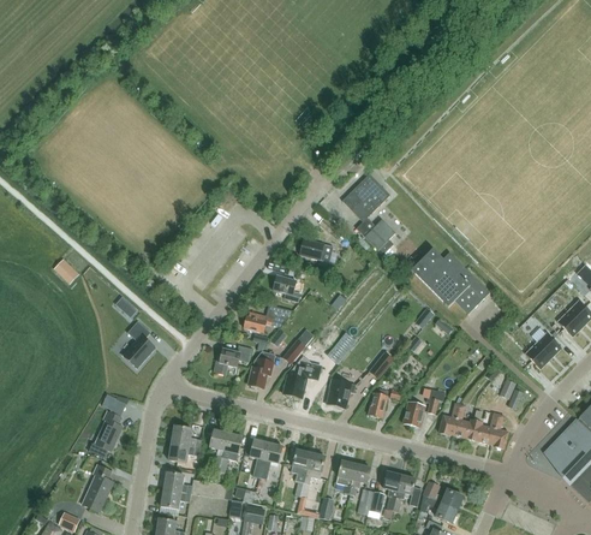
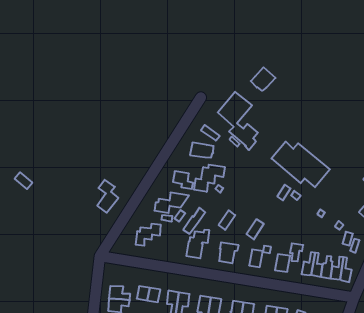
building: none -> [251,67,276,91]
building: none -> [194,165,225,192]
building: [124,321,154,367] -> [97,180,118,213]
building: [247,351,275,388] -> none
building: [95,411,123,451] -> none

